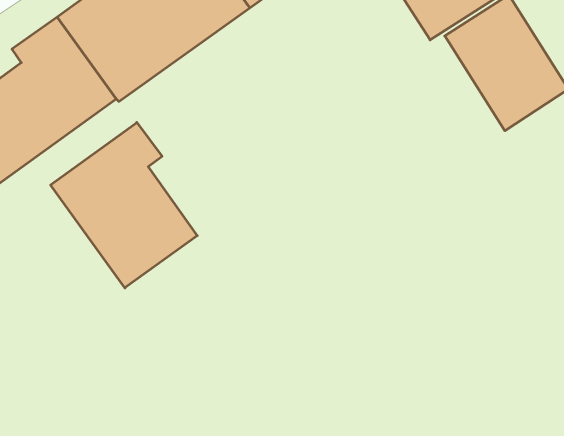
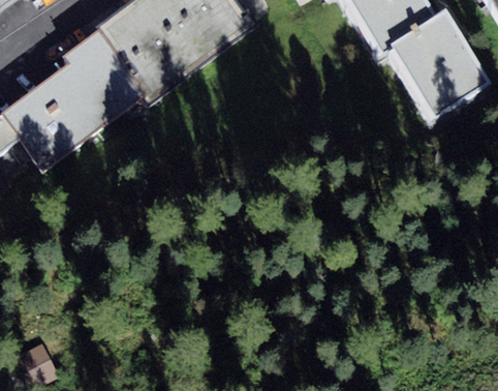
building: [51,122,197,288] -> none

